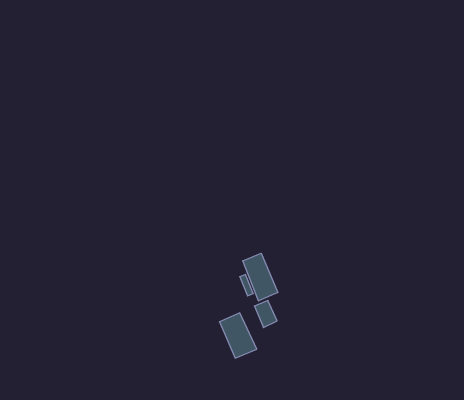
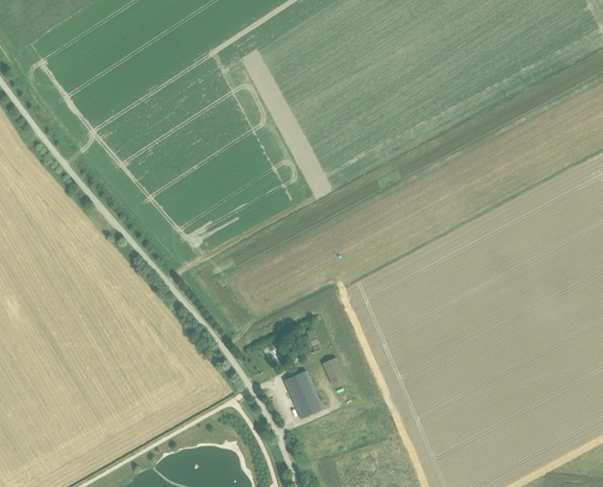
building: [243,253,278,301] -> none

